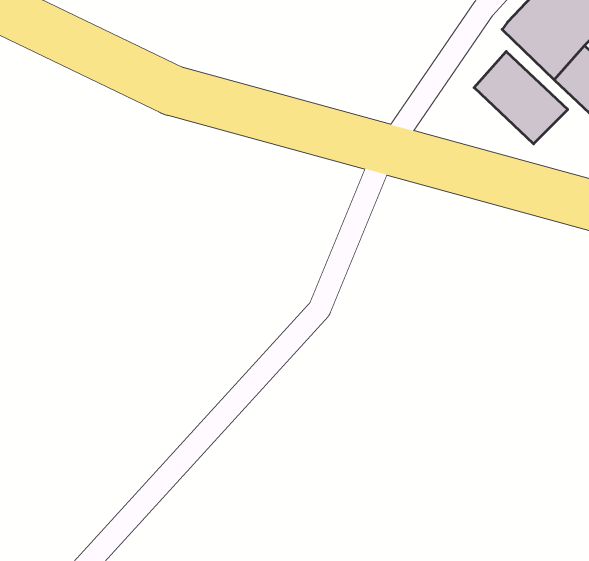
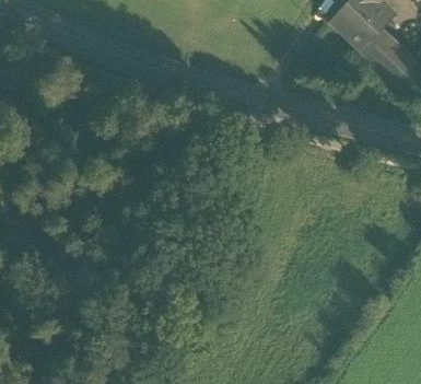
building: [474,51,568,144] -> none

